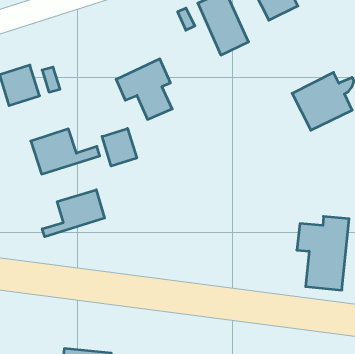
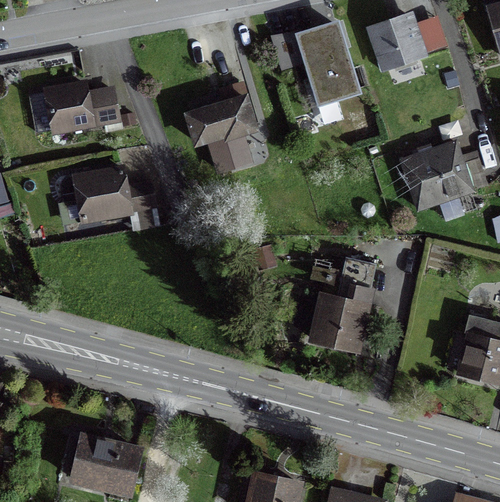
building: [102,128,137,166] -> none
building: [42,190,105,237] -> none
building: [297,216,349,290] -> [306,257,375,350]

